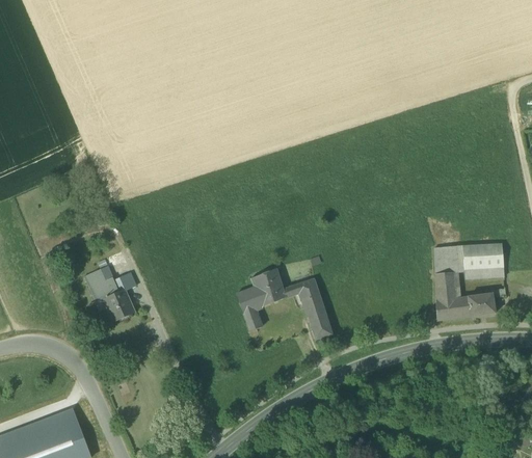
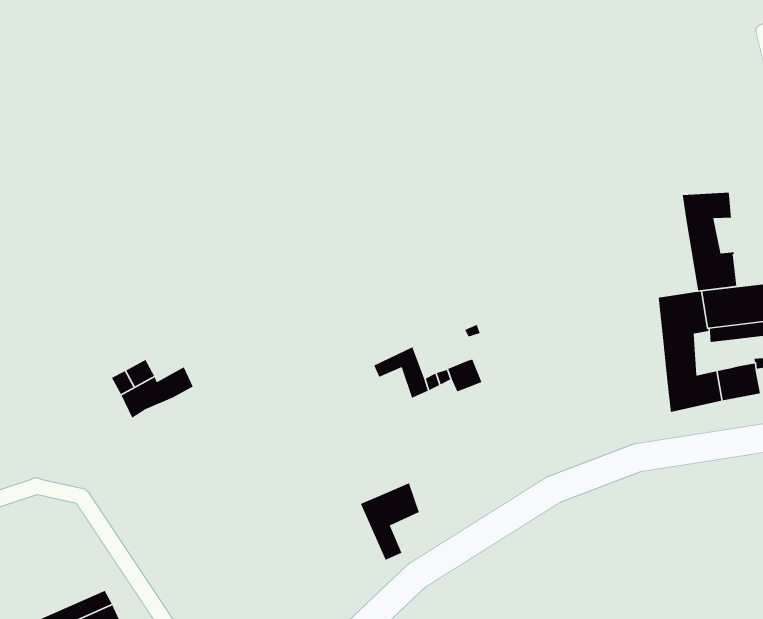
building: none -> [682,192,737,291]
building: [236,281,273,330] -> [360,482,420,561]
building: [105,291,132,320] -> none
building: [302,294,331,340] -> none

